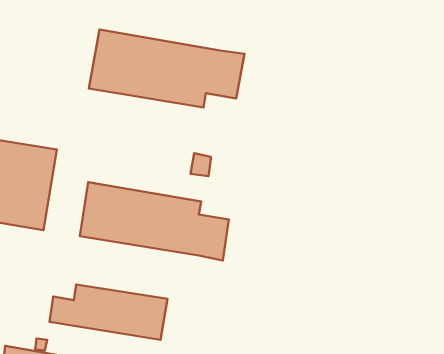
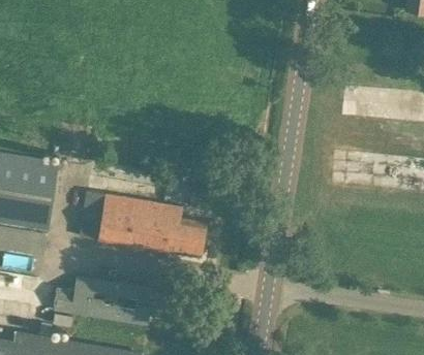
building: [89,30,245,108] -> none

